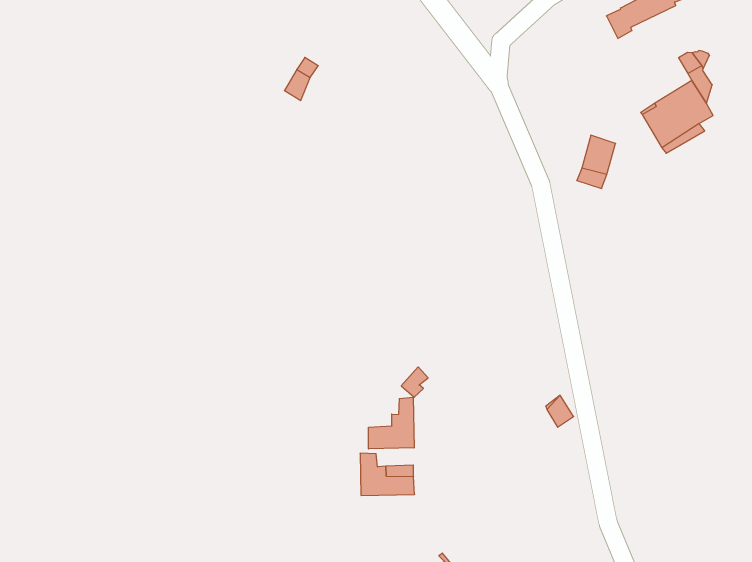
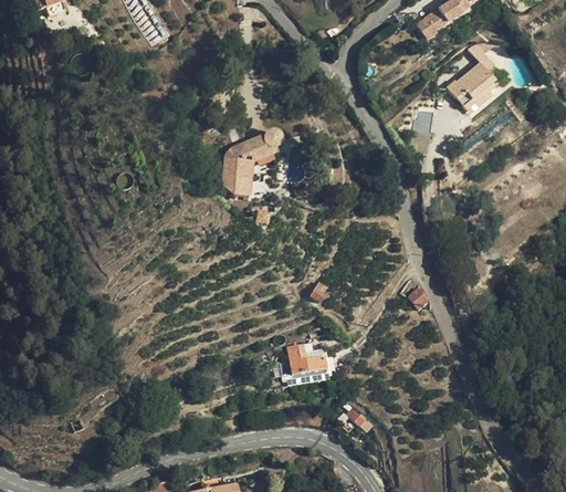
building: none -> [222,130,281,196]
building: [369,397,414,449] -> none

